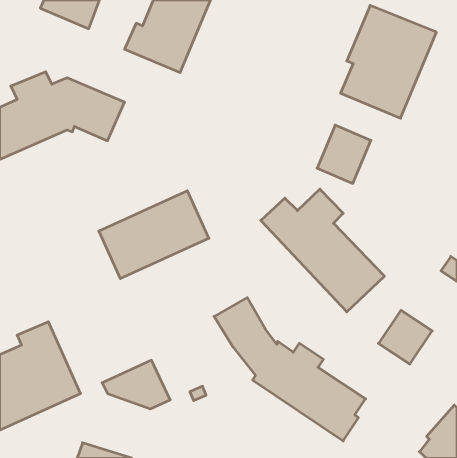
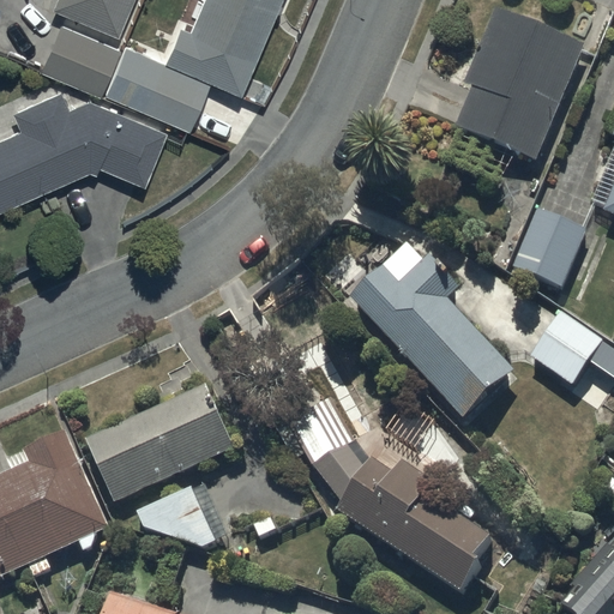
building: none -> [41,28,120,98]
building: none -> [107,50,210,133]
building: [317,125,371,183] -> [513,209,585,287]
building: [99,191,209,279] -> [86,384,234,501]
building: [378,310,432,364] -> [530,312,602,384]

